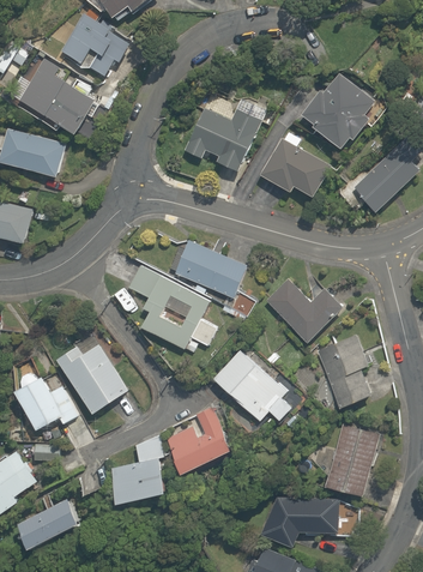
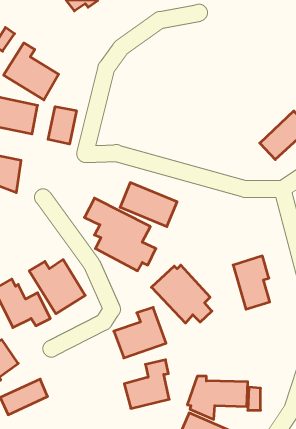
building: [64,16,132,78] -> none
building: [301,72,377,149] -> none
building: [183,100,260,173] -> none
building: [262,130,328,197] -> none
building: none -> [48,107,76,144]
building: [270,284,344,345] -> none
building: [326,426,379,494] -> none
building: [105,438,164,501] -> [124,360,169,408]

